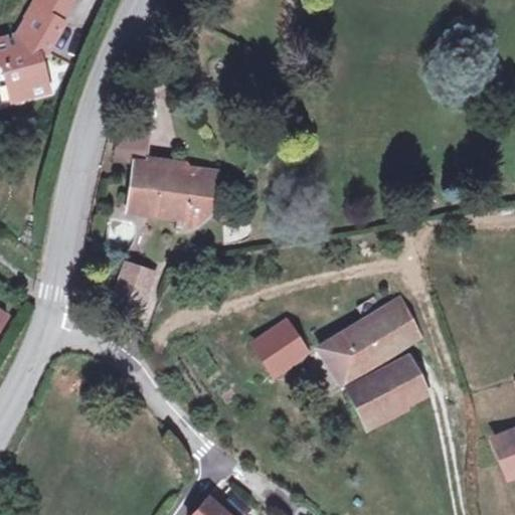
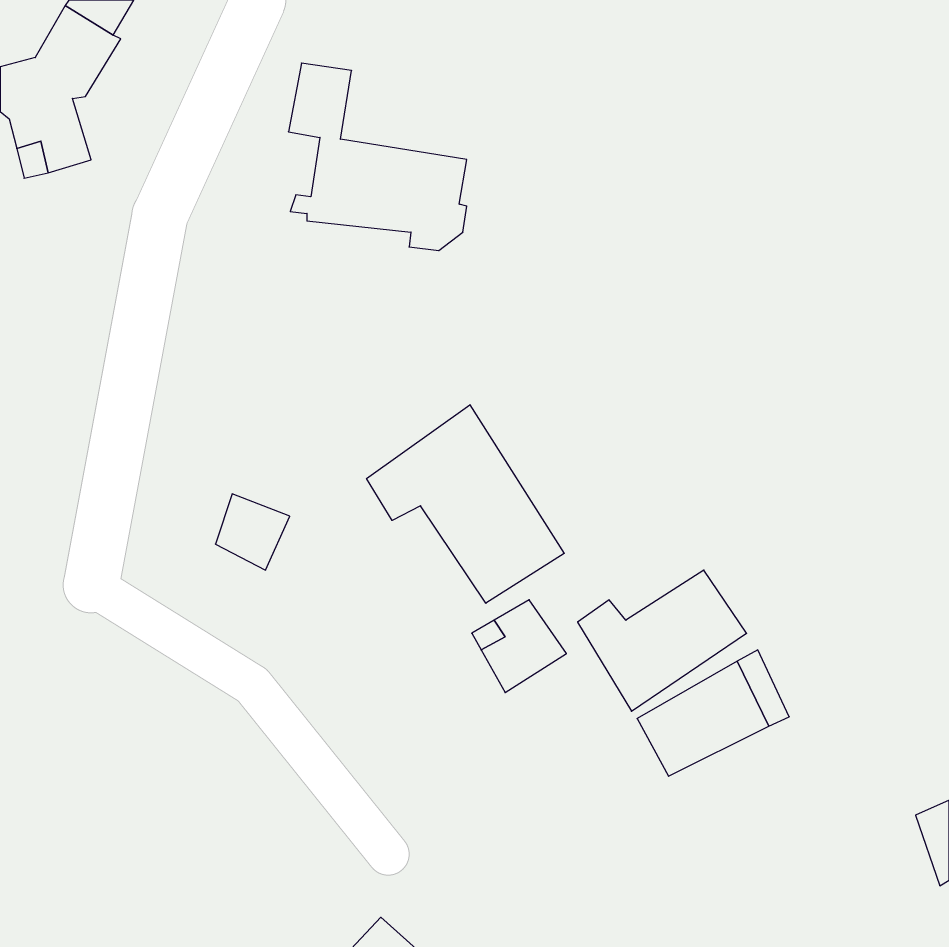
building: [118,123,214,224] -> [288,63,467,251]
building: none -> [367,405,564,603]
building: [381,296,422,344] -> none

